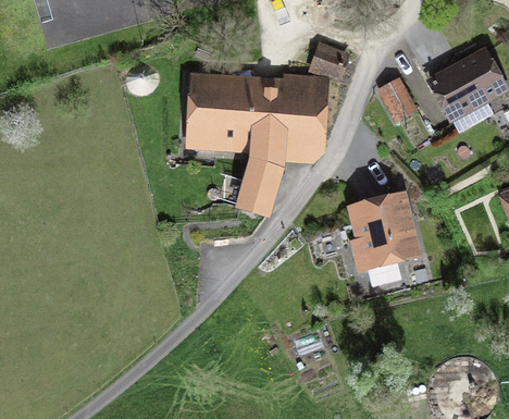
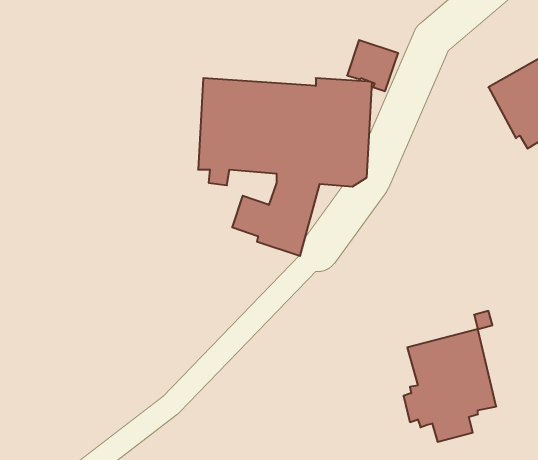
building: [378,75,418,120] -> none
building: [344,190,421,284] -> [403,329,496,442]

